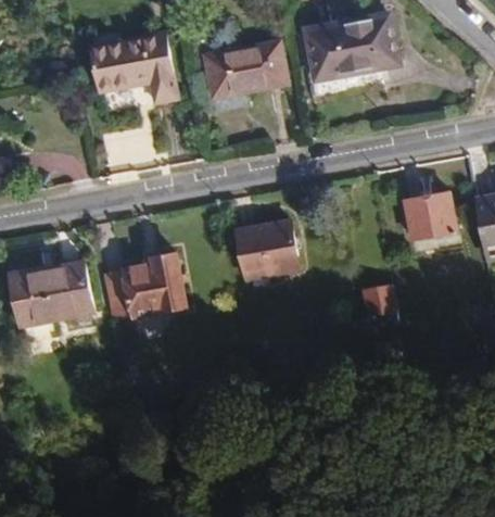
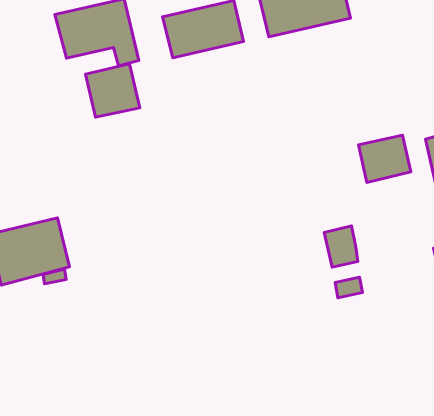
building: none -> [85,64,140,117]
building: [237,218,299,278] -> none
building: [102,254,186,326] -> none

